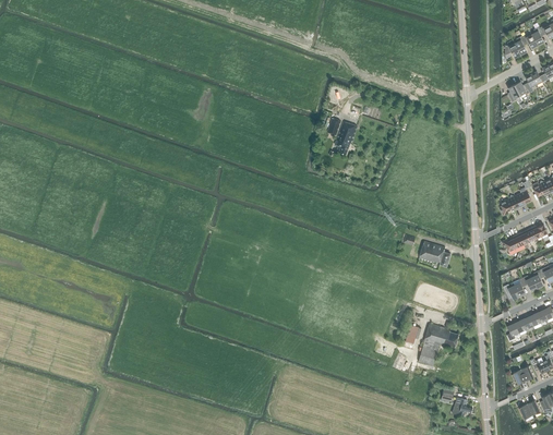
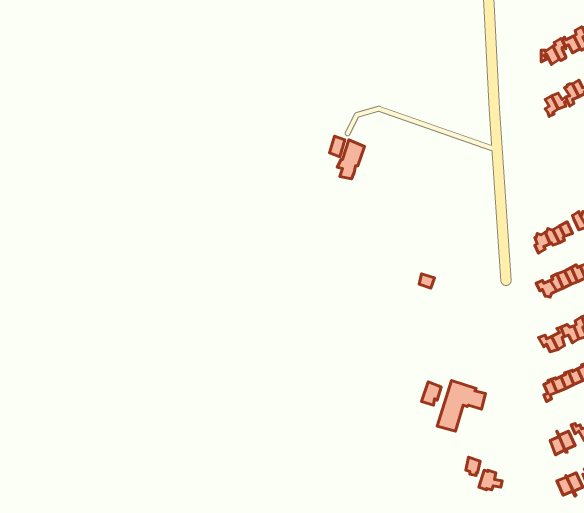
building: [419,240,450,266] -> none

